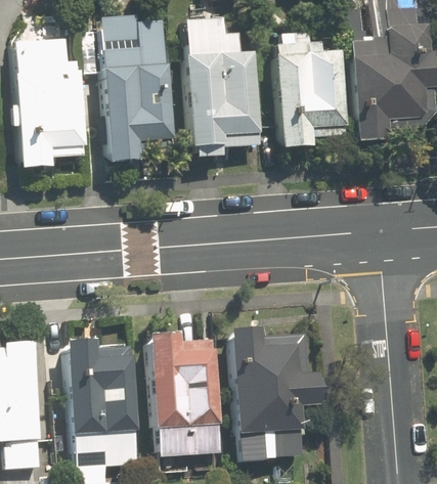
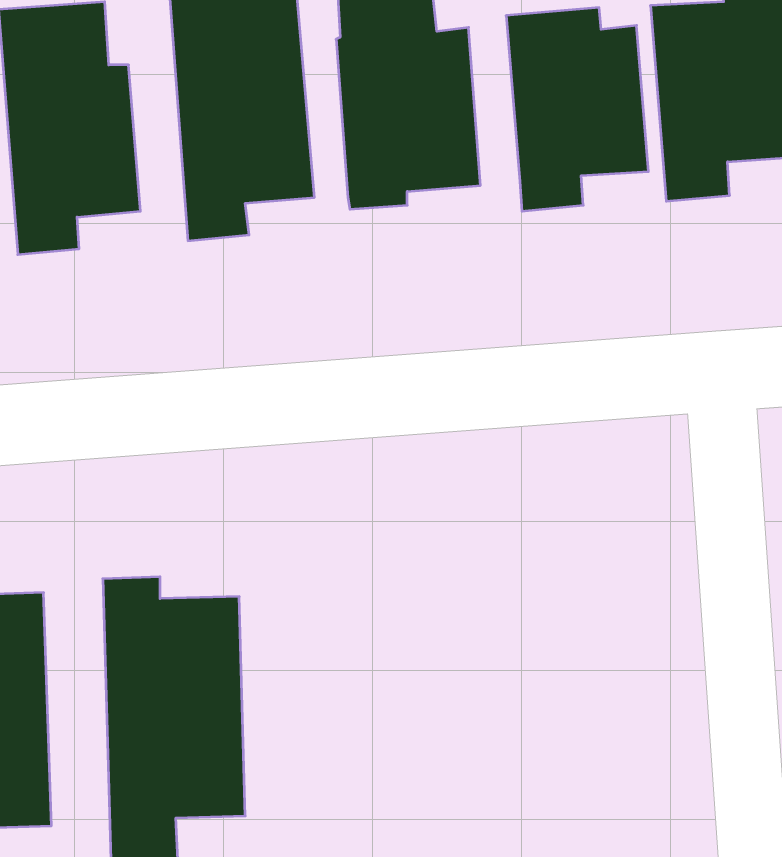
building: [227,322,322,461] -> none
building: [151,329,220,455] -> none

